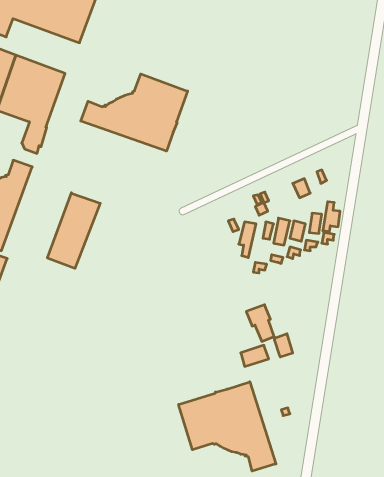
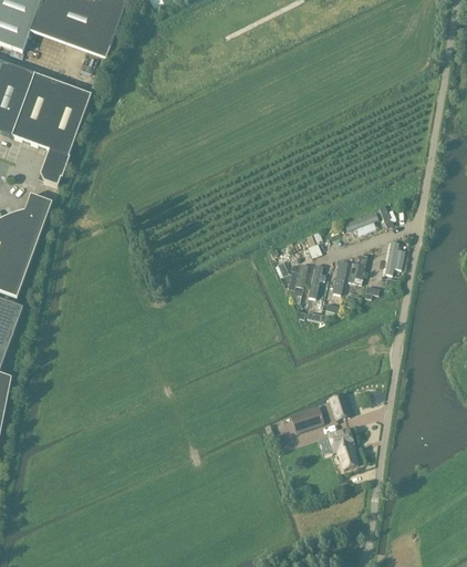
building: [81,74,188,151] -> none
building: [47,193,100,268] -> none
building: [246,305,274,341] -> [325,425,357,467]
building: [179,382,276,471] -> none

